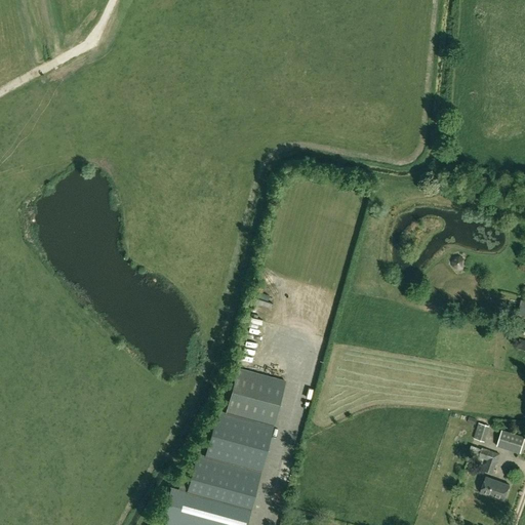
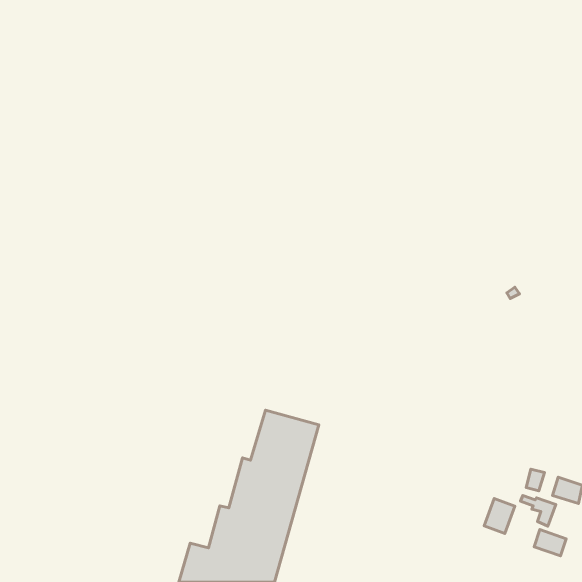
building: none -> [484,498,515,534]

